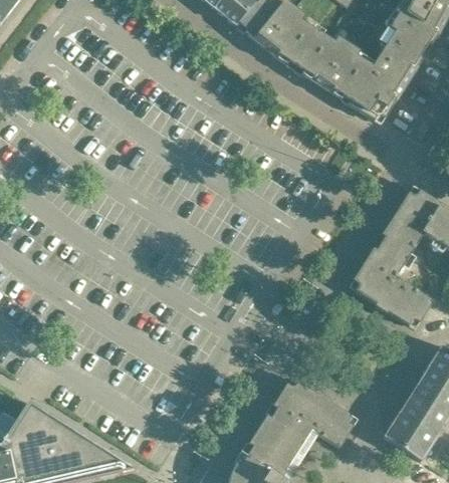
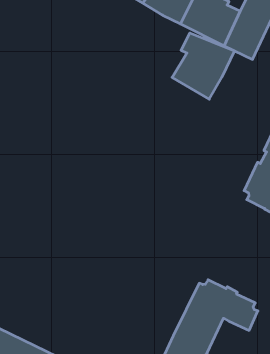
building: none -> [172,33,234,99]

